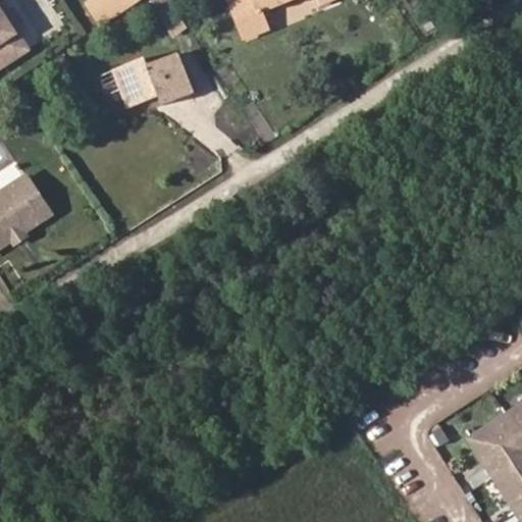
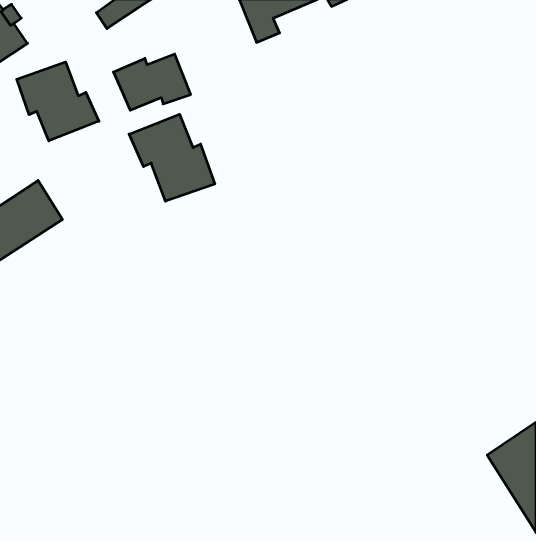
building: none -> [17,62,99,141]
building: none -> [129,114,215,201]

